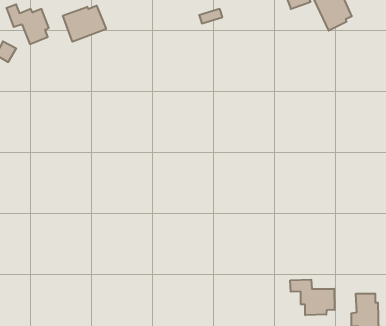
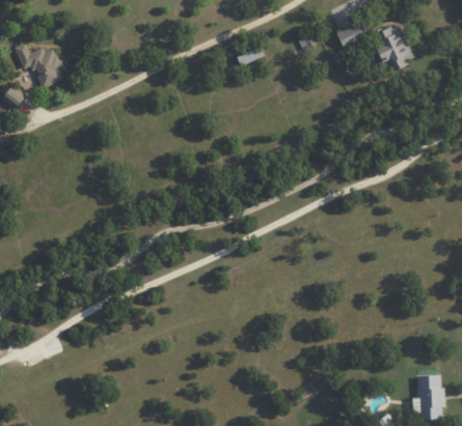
building: [63,6,106,42] -> none
building: [290,280,335,315] -> none

